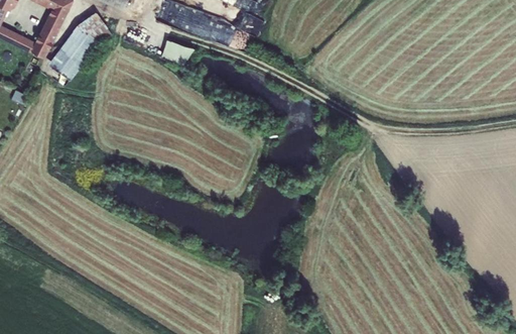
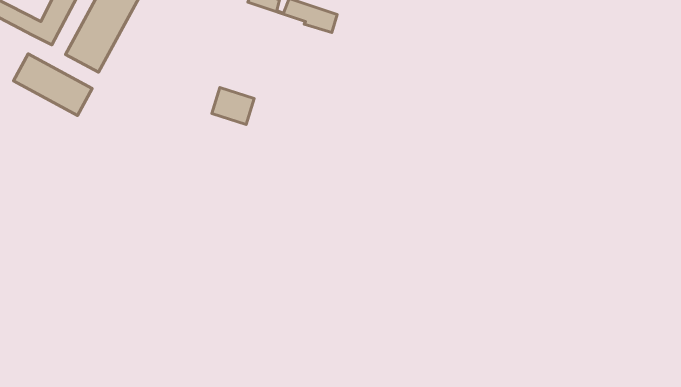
building: [160,38,191,66] -> [212,87,254,124]
building: none -> [14,54,92,115]

